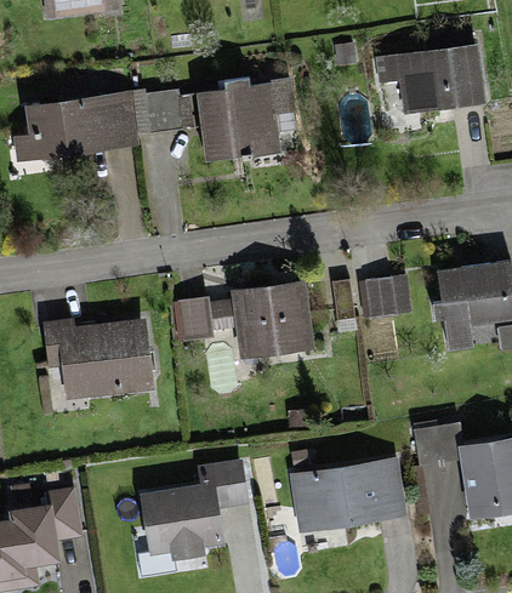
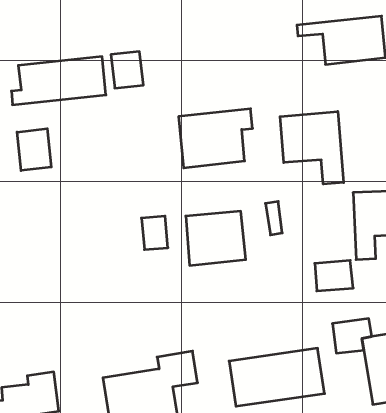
building: [198,84,289,156] -> [179,109,253,168]
building: none -> [280,111,344,184]
building: none -> [17,129,51,171]
building: [365,276,413,314] -> [315,260,353,291]
building: [45,318,153,394] -> none

